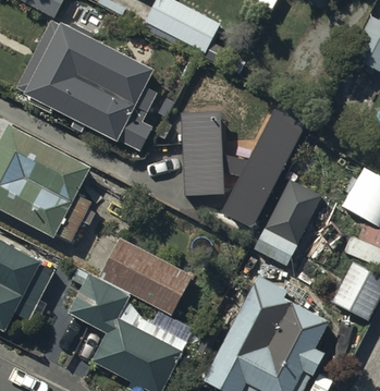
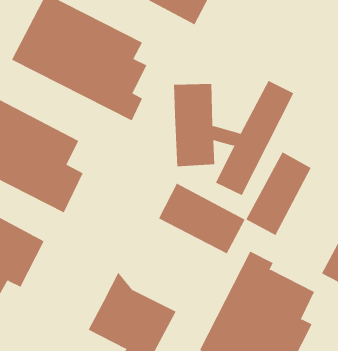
building: [101,241,189,313] -> [158,183,246,254]
building: [71,277,128,331] -> none

